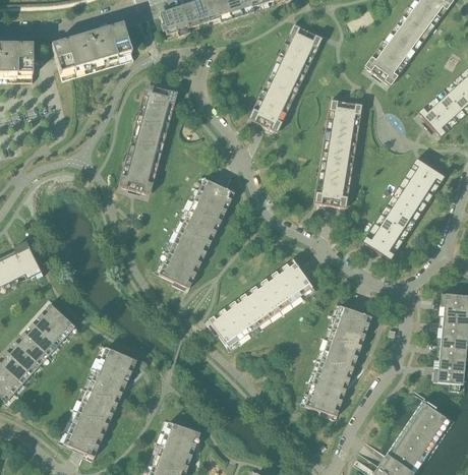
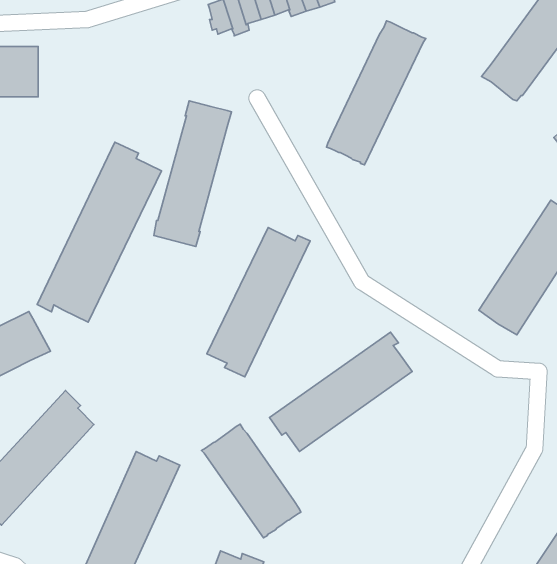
building: [53,23,135,80] -> none
building: [314,100,363,207] -> none
building: none -> [37,142,161,322]
building: [306,305,373,419] -> none
building: none -> [201,424,301,538]

